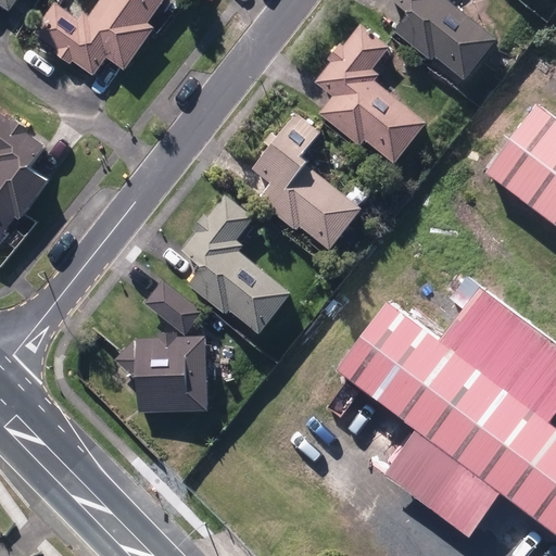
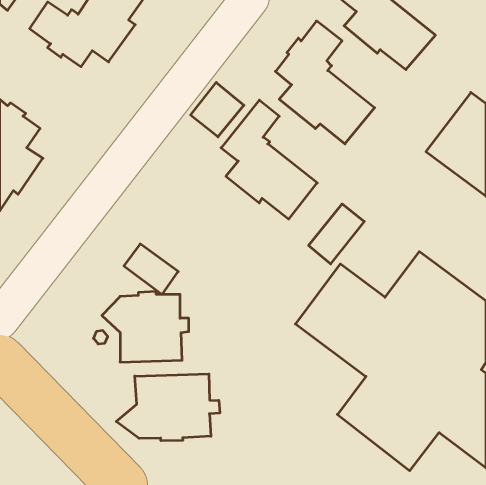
building: none -> [191,82,244,137]
building: [180,193,291,348] -> none
building: none -> [309,204,364,264]
building: none -> [116,374,220,441]

